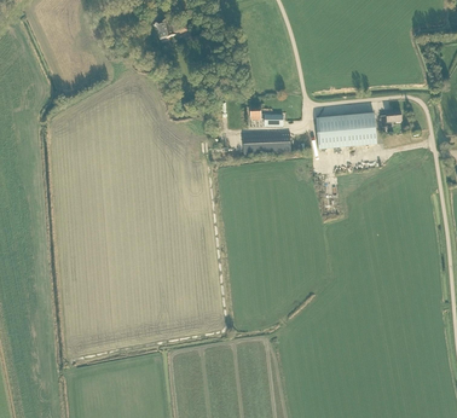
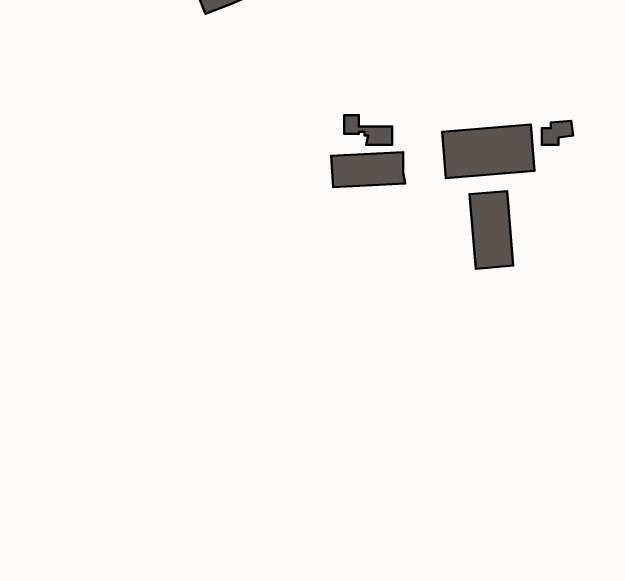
building: none -> [469,191,513,269]

